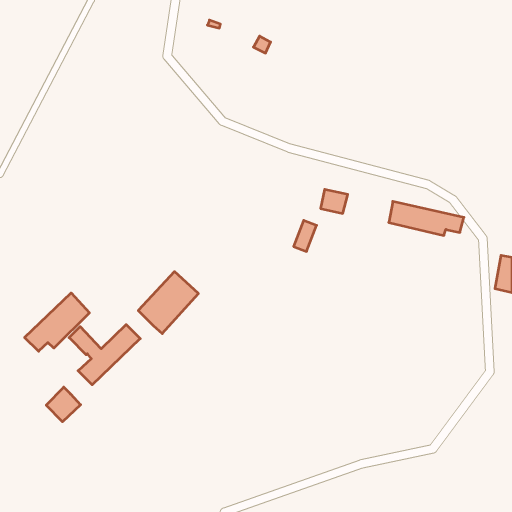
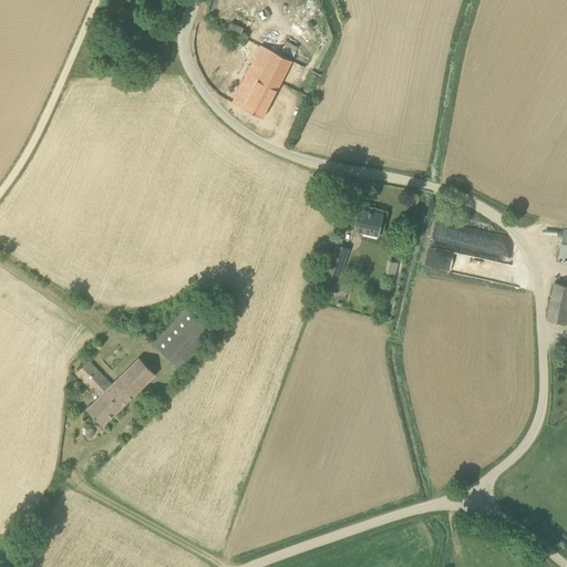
building: none -> [244,45,292,118]
building: [25,293,89,351] -> none
building: [46,387,81,422] -> none

